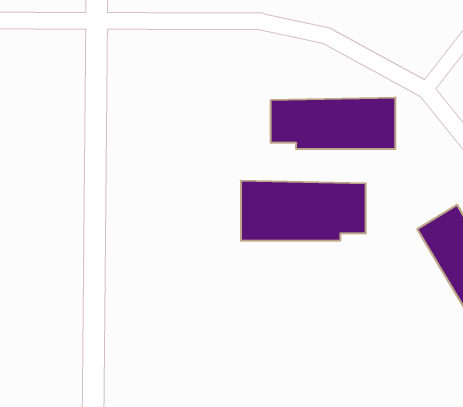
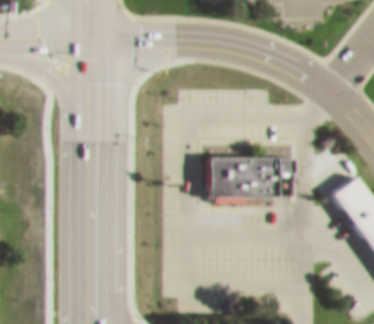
building: [271,97,395,149] -> none

